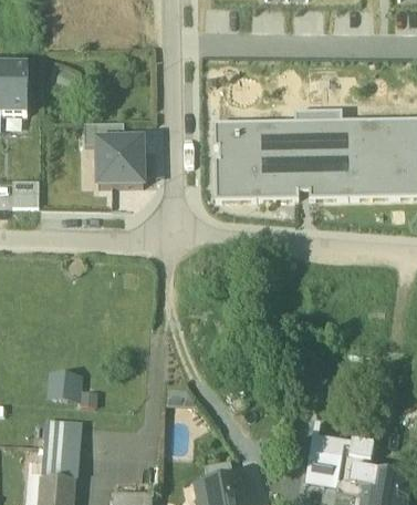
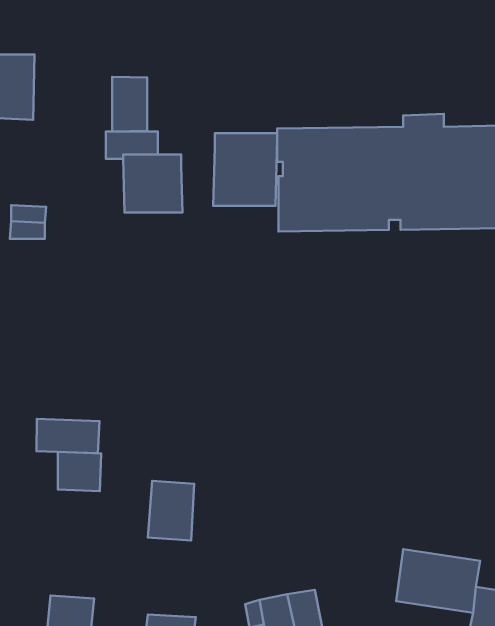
building: none -> [112,77,147,131]
building: none -> [213,133,277,206]
building: none -> [36,419,100,453]
building: [42,433,77,478] -> [148,481,194,540]

